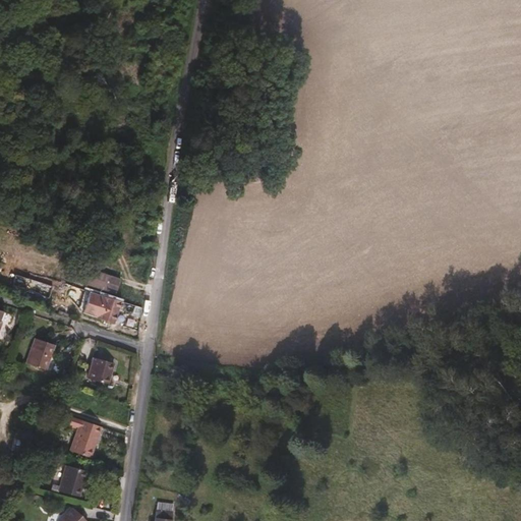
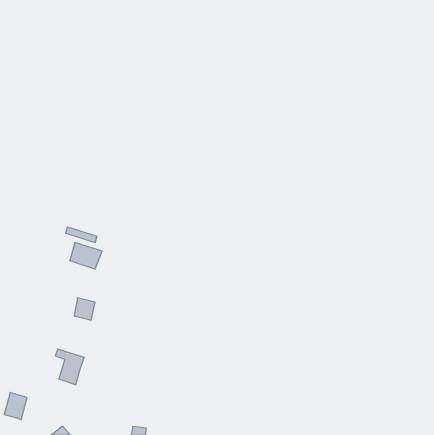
building: [26,337,56,369] -> none
building: [58,467,85,500] -> [4,392,27,420]

